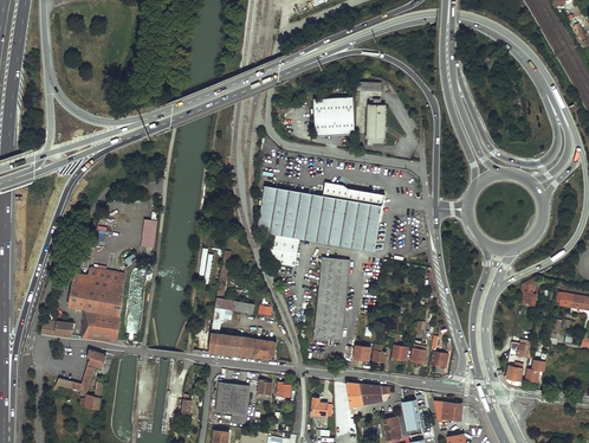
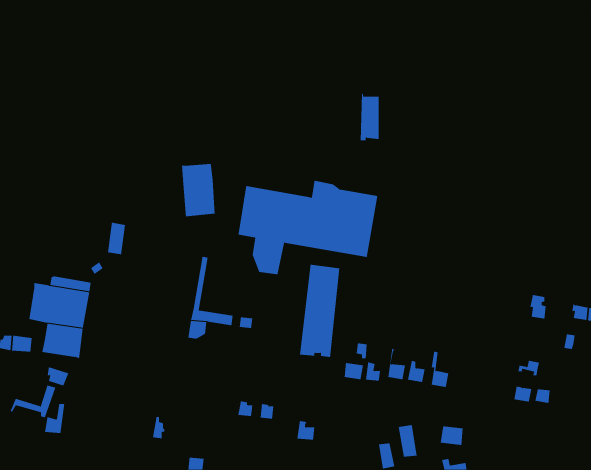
building: [315,96,355,135] -> none
building: none -> [181,163,215,217]
building: [208,333,277,360] -> none
building: [216,381,251,423] -> none
building: [348,381,391,405] -> none

